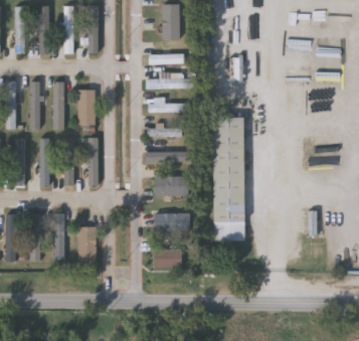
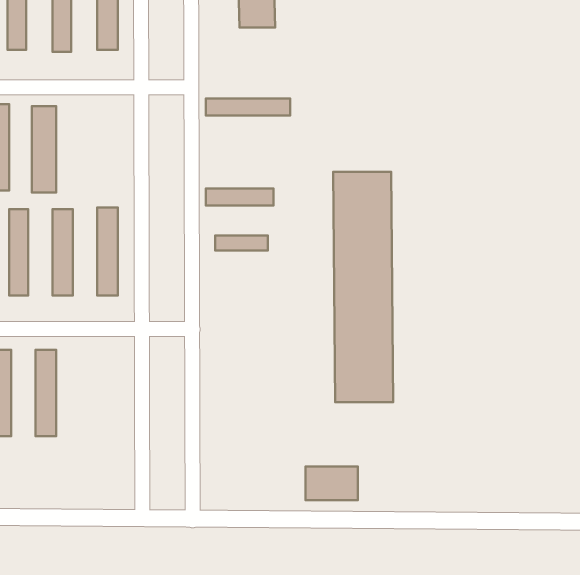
building: [145,43,182,63] -> none
building: [77,90,95,125] -> none
building: [148,98,190,112] -> none
building: [153,176,186,195] -> none
building: [153,212,188,230] -> none
building: [77,225,95,262] -> none
building: [152,248,180,267] -> [305,466,358,500]

